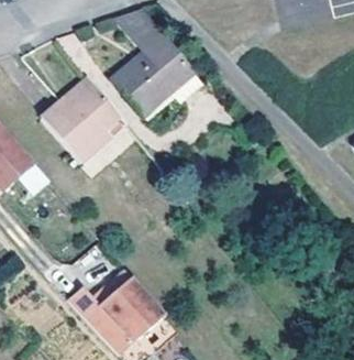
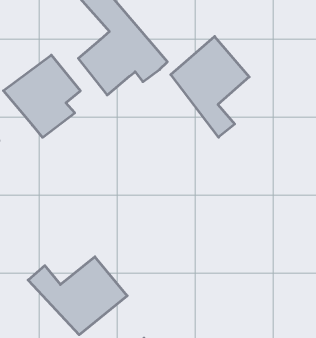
building: none -> [171,36,249,137]

